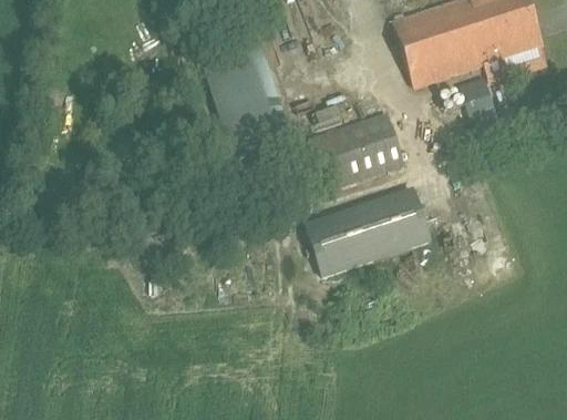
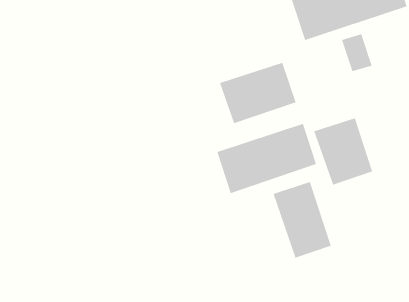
building: none -> [314,117,373,186]
building: none -> [273,181,331,258]

